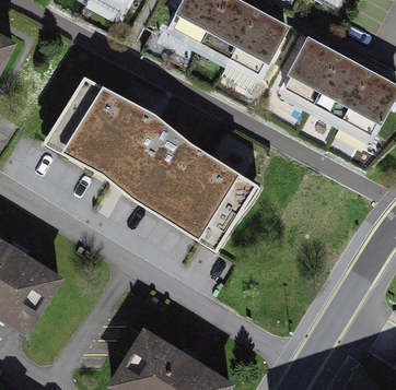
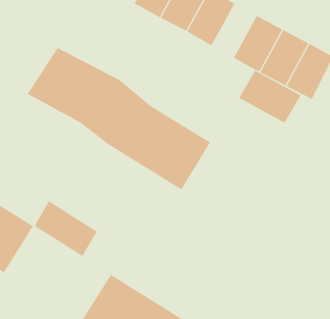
building: none -> [239,70,301,123]
building: none -> [34,201,98,257]

